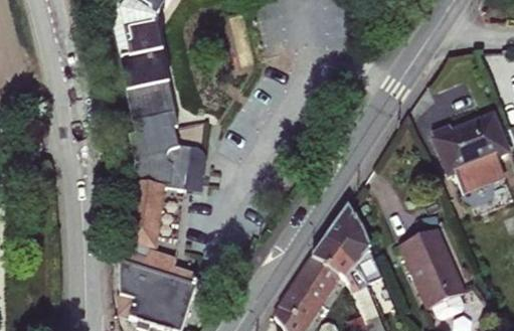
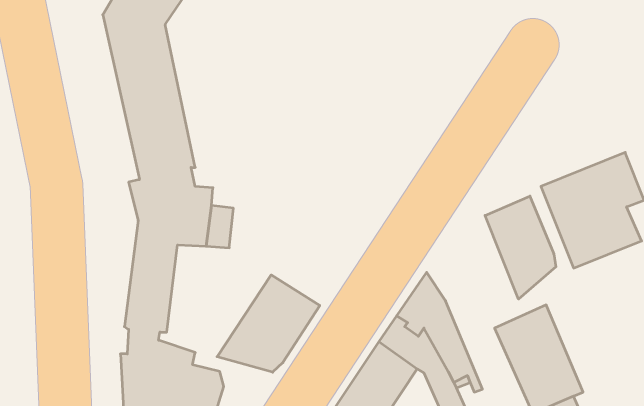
building: none -> [485,196,556,299]
building: none -> [217,275,320,372]

